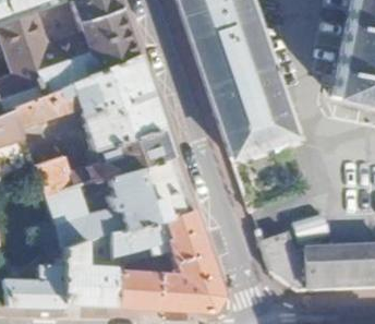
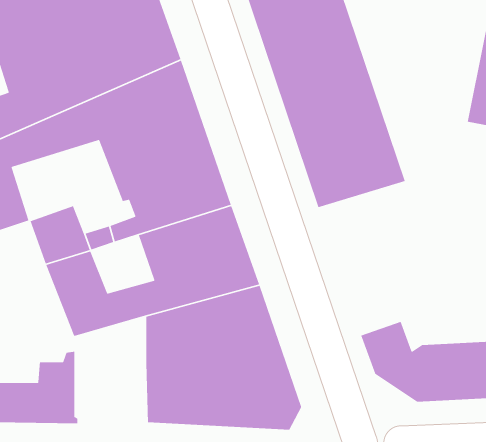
building: [64,231,114,305] -> none

